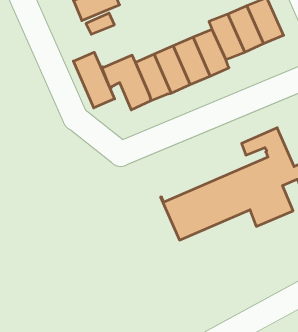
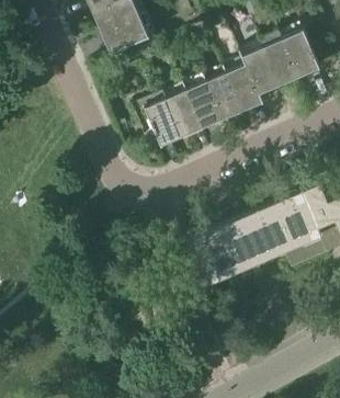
building: [73,52,115,108] -> none

